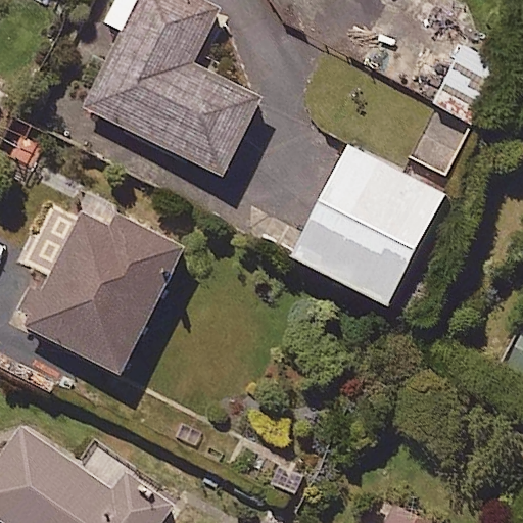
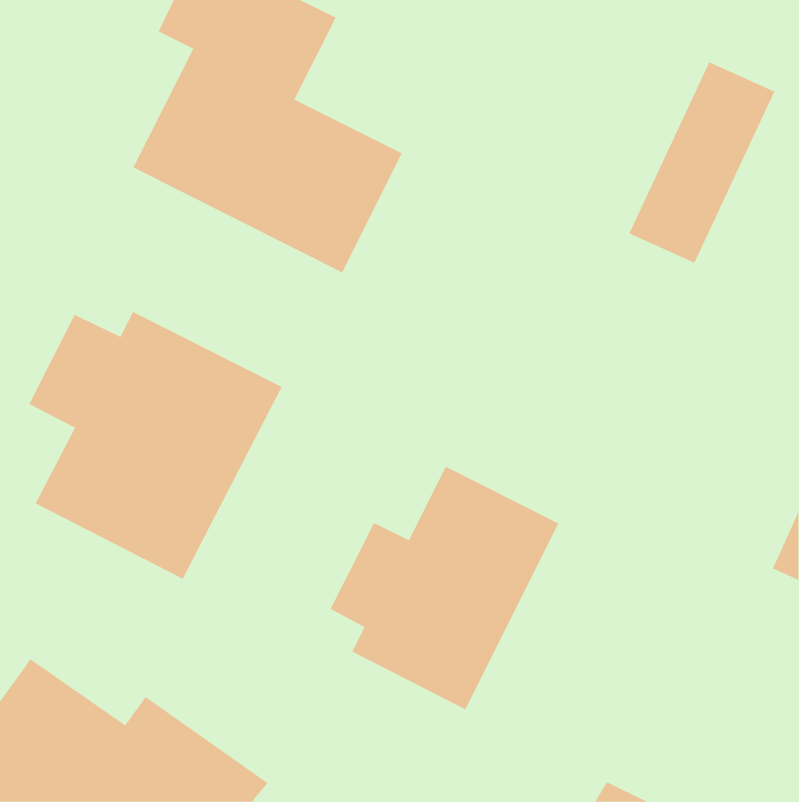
building: [291,145,444,305] -> none
building: none -> [330,466,559,710]

